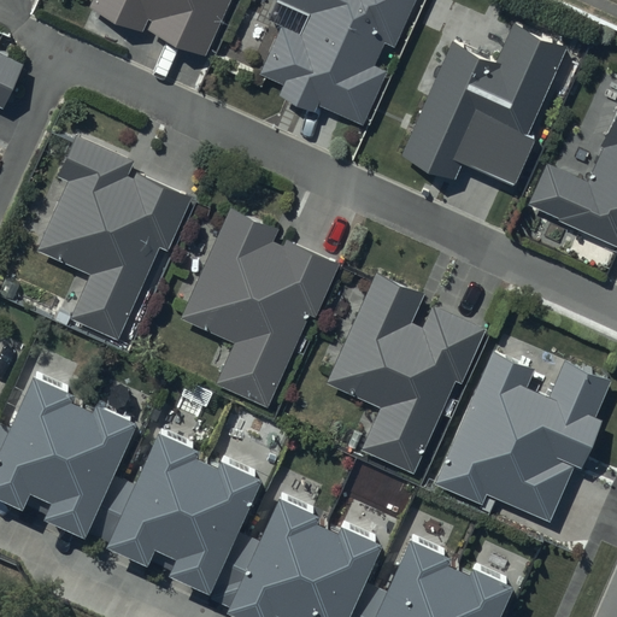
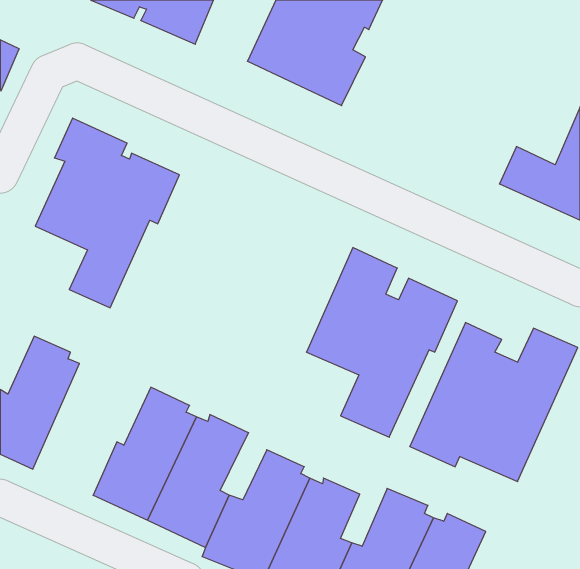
building: [401,25,565,182] -> none
building: [180,208,334,411] -> none
building: [35,395,139,537] -> none

